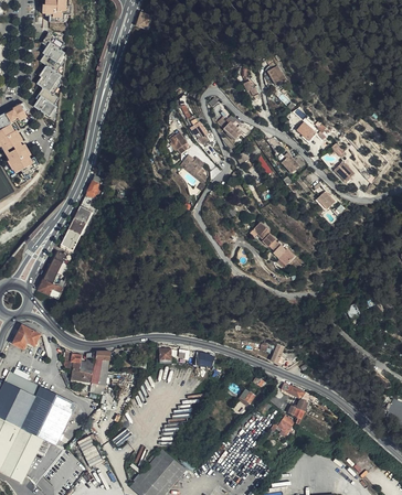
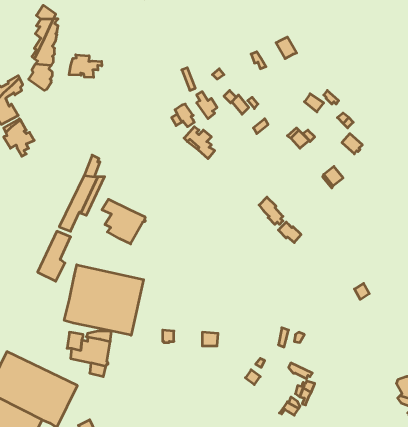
building: none -> [69,55,102,77]
building: none -> [102,199,145,244]
building: none -> [64,265,144,335]
building: [9,325,41,349] -> none

